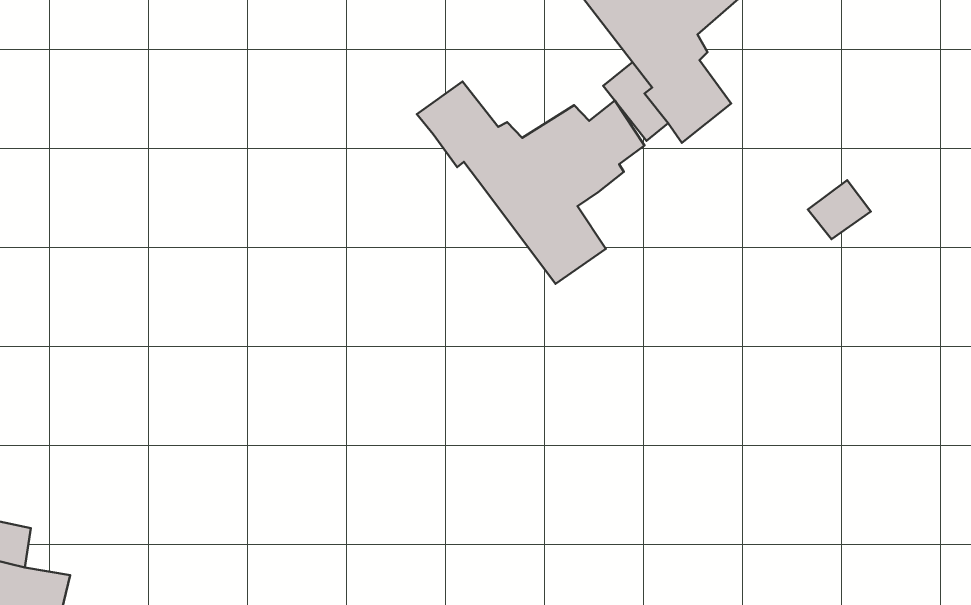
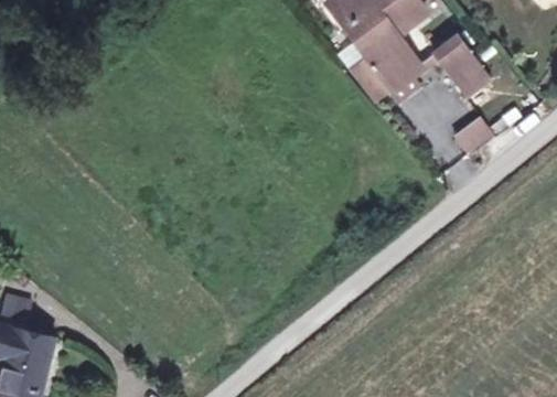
building: none -> [432,35,491,98]
building: [417,82,645,284] -> none

